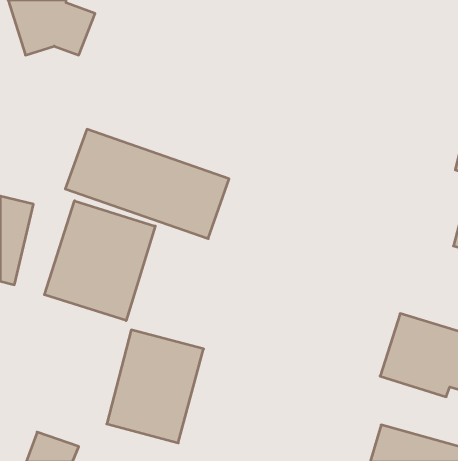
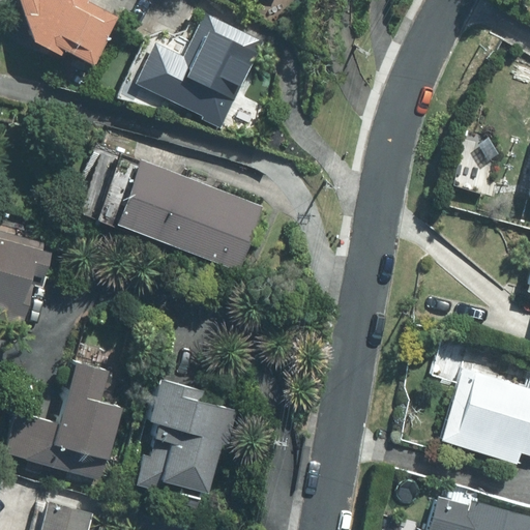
building: none -> [128,11,263,126]
building: [44,201,155,321] -> none
building: none -> [9,359,134,483]

